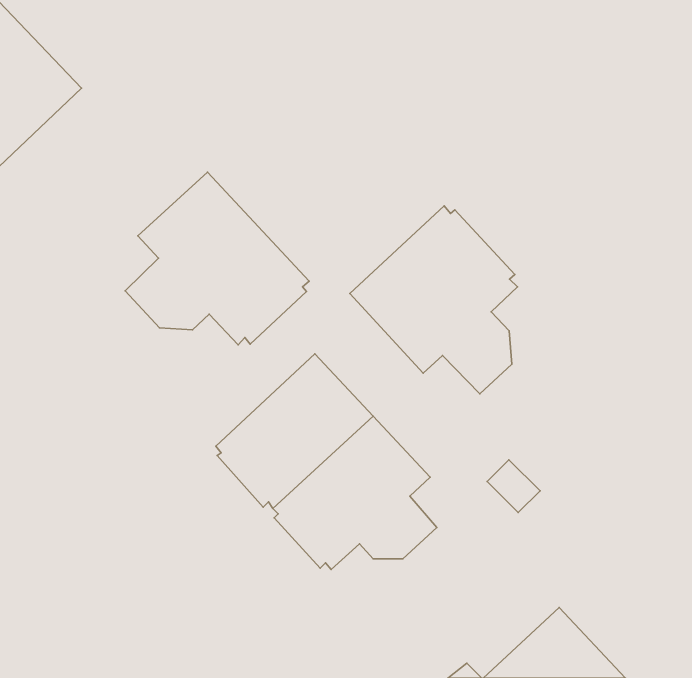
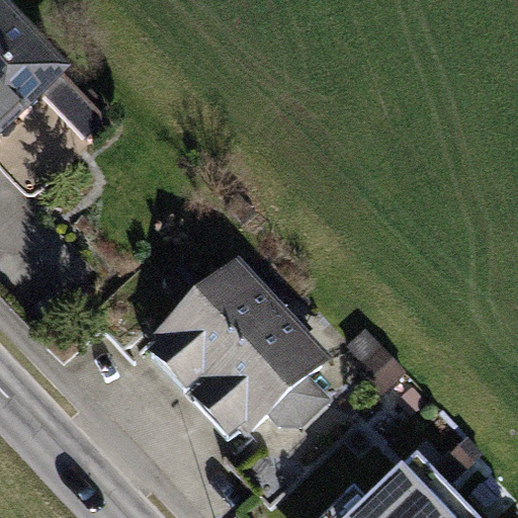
building: [125,172,309,345] -> none
building: [350,206,517,394] -> none

